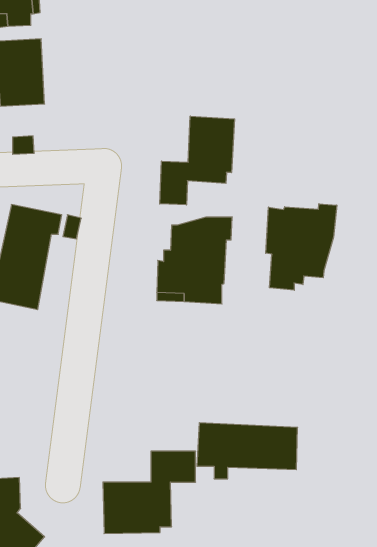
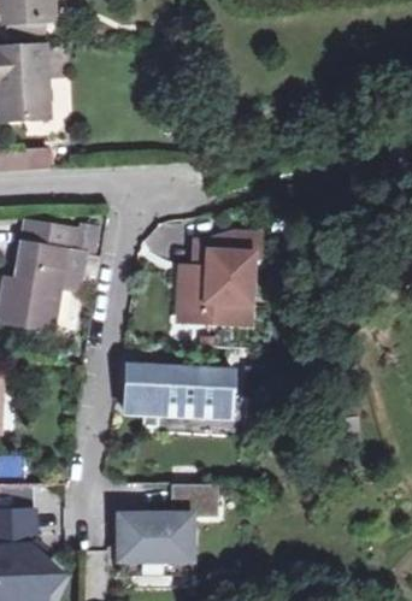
building: [160,116,235,205] -> none
building: [266,204,337,290] -> none
building: [197,423,298,479] -> [124,367,230,426]

